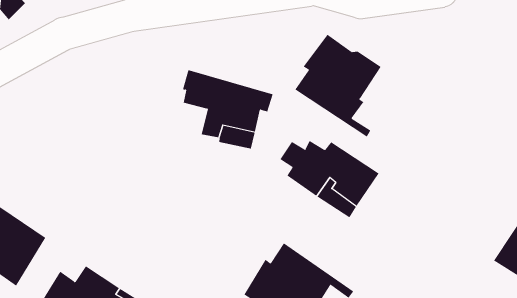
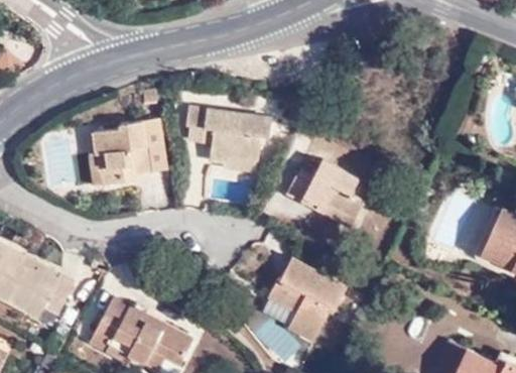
building: [295,34,382,137] -> none
building: none -> [83,122,159,188]

